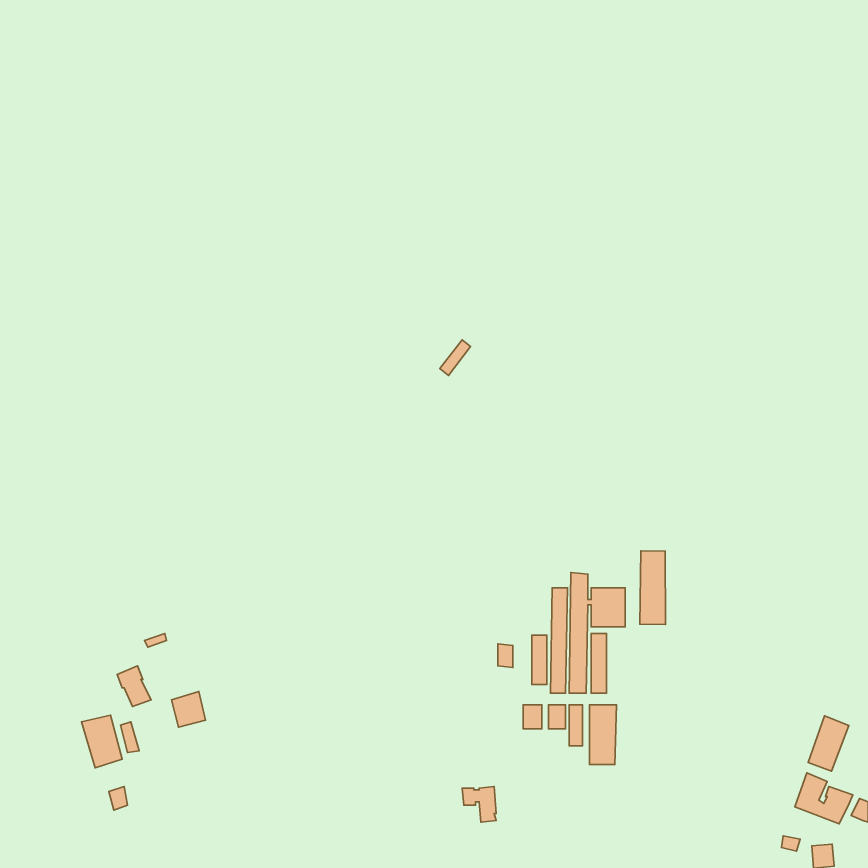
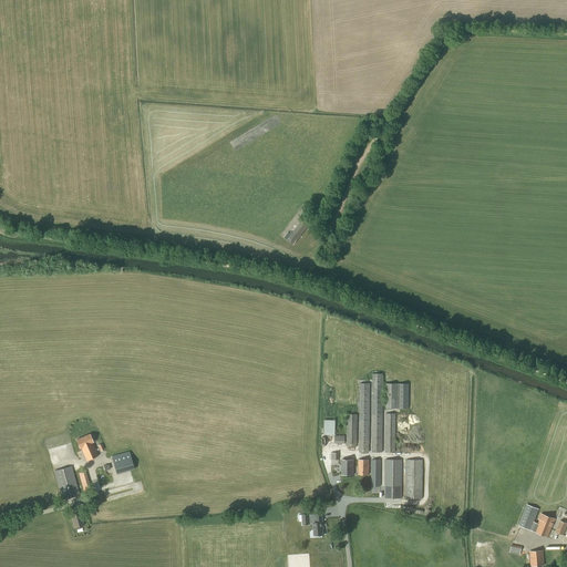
building: [640,551,666,624] -> none
building: none -> [405,460,423,498]
building: [808,716,849,771] -> none

